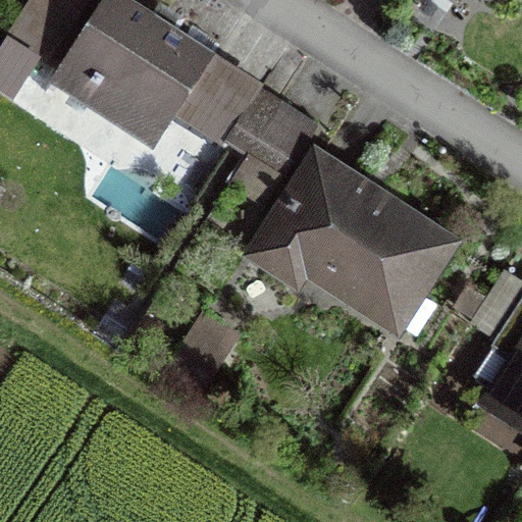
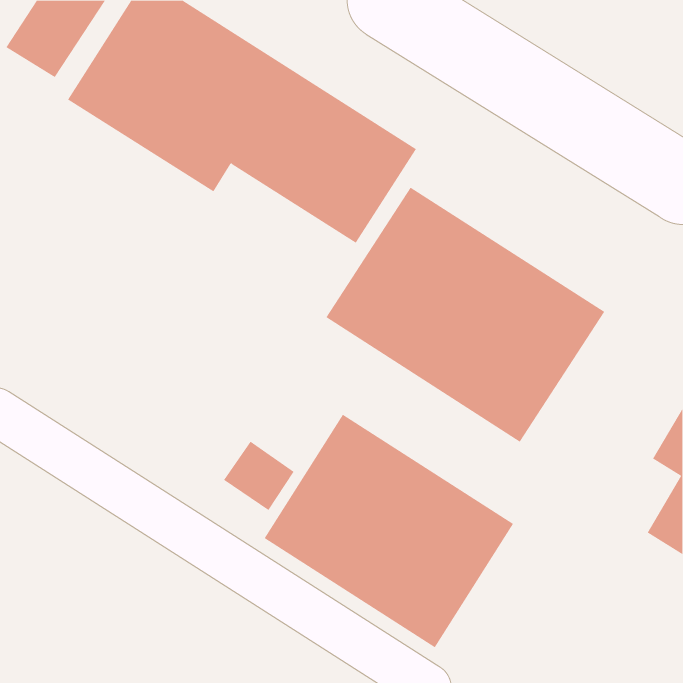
building: none -> [264,414,514,648]

